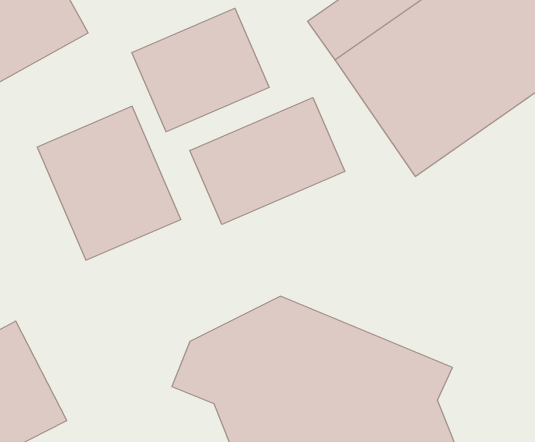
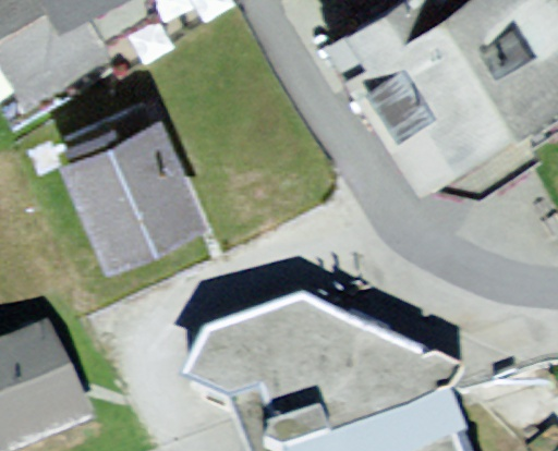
building: [132,8,269,132] -> none
building: [190,98,345,224] -> none

